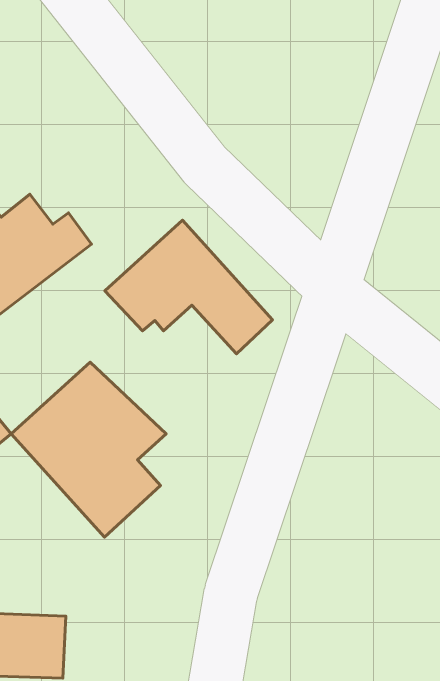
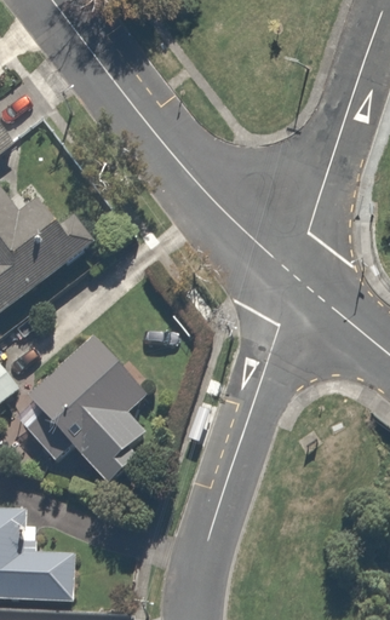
building: [105,220,273,354] -> none

